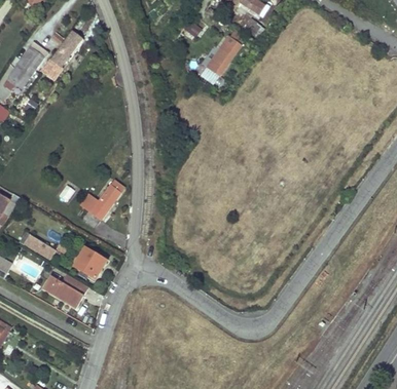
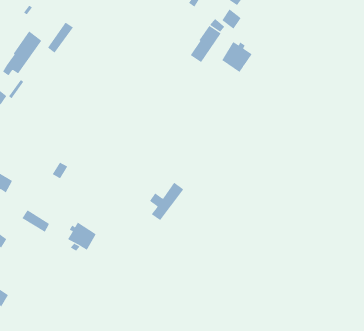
building: none -> [221,41,253,73]
building: [82,185,120,227] -> [149,182,184,221]
building: [44,273,85,307] -> none

